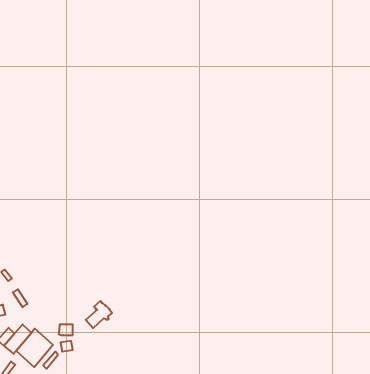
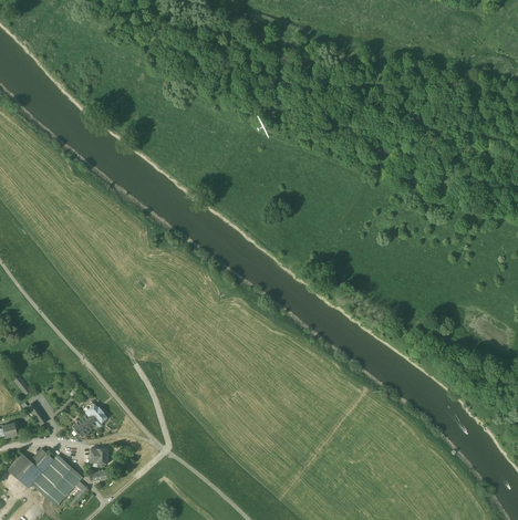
building: [86,301,112,328] -> [72,401,107,437]

